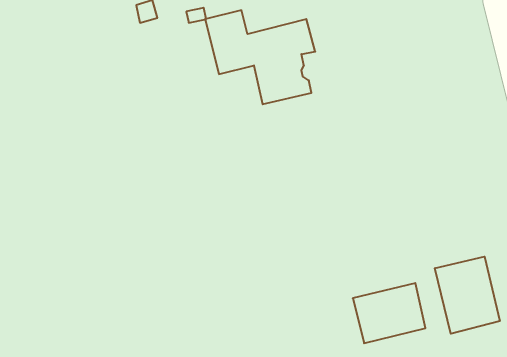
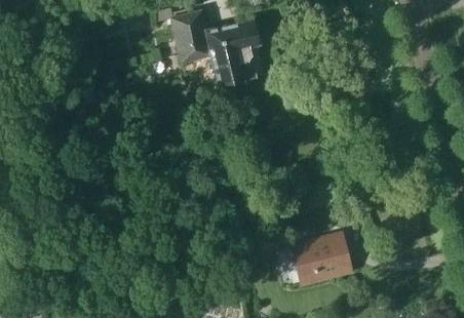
building: [435,257,500,334] -> none

